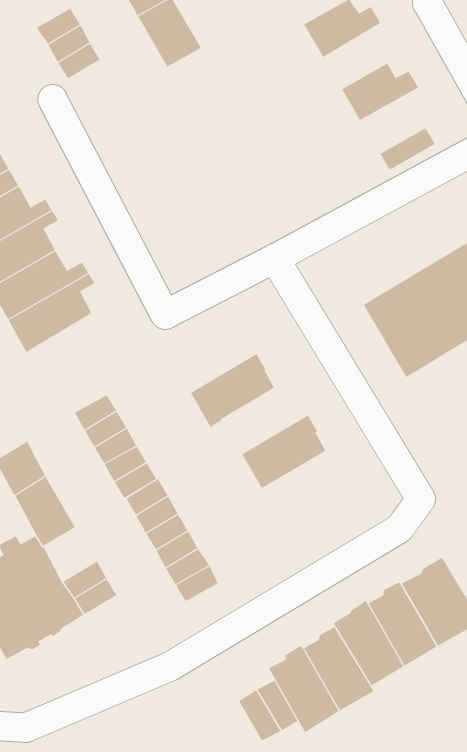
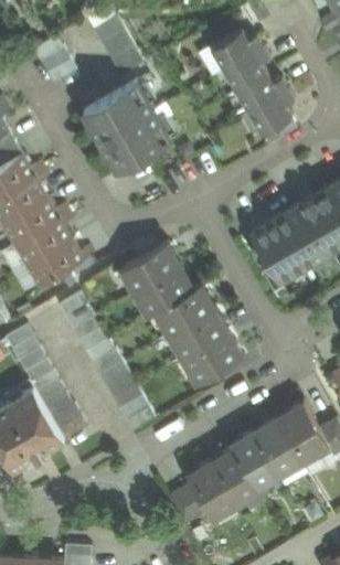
building: none -> [224,47,269,92]
building: none -> [83,83,170,171]
building: none -> [248,90,295,135]
building: none -> [26,241,93,288]
building: none -> [121,244,179,294]
building: none -> [157,285,213,334]
building: none -> [183,332,244,384]
building: none -> [39,383,73,419]

